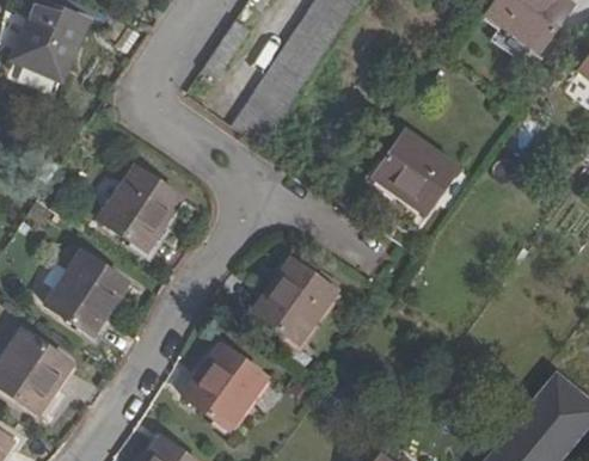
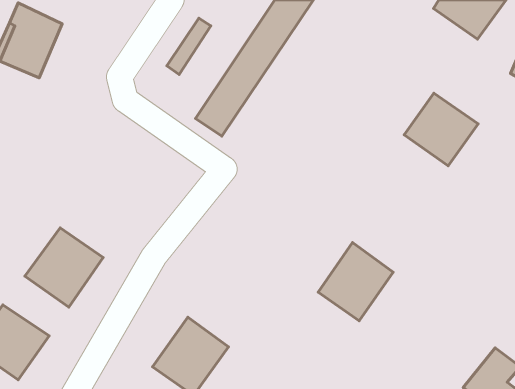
building: [374,130,454,209] -> [404,93,478,166]
building: [100,165,180,247] -> none
building: [254,258,336,343] -> [318,242,393,321]

